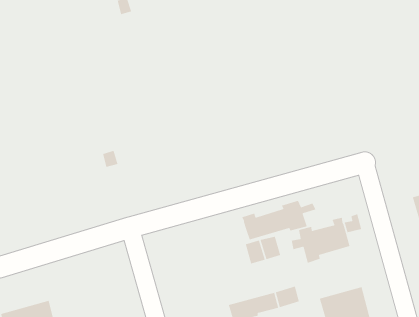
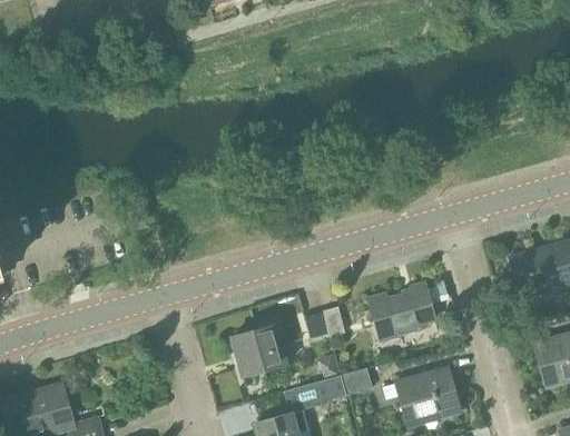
building: [241,200,316,241] -> none
building: none -> [232,324,286,374]

